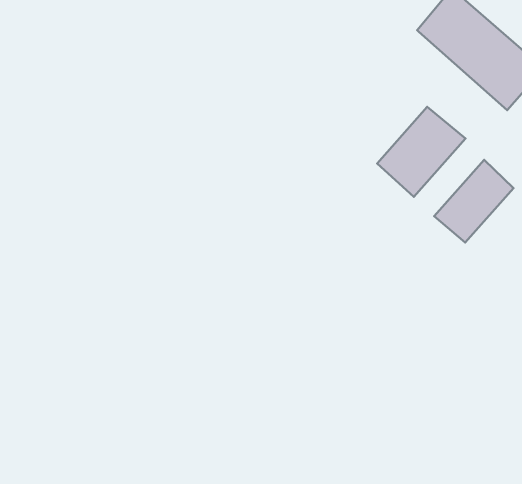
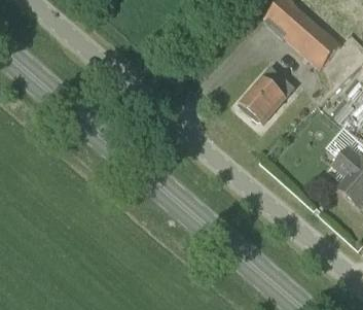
building: [434,160,513,243] -> none

